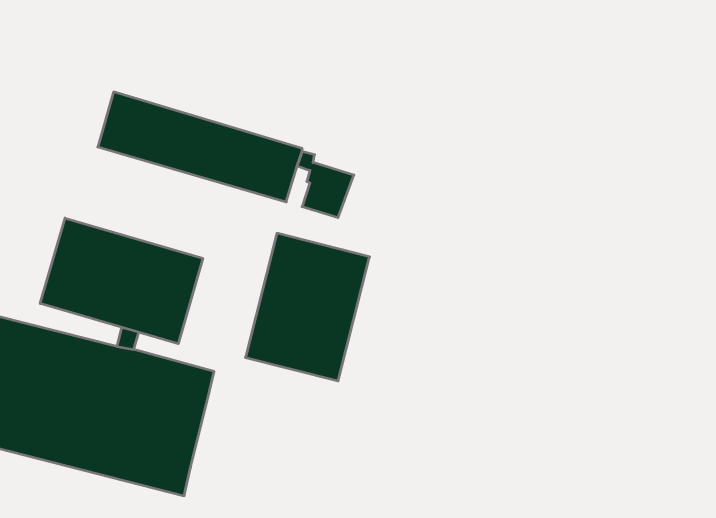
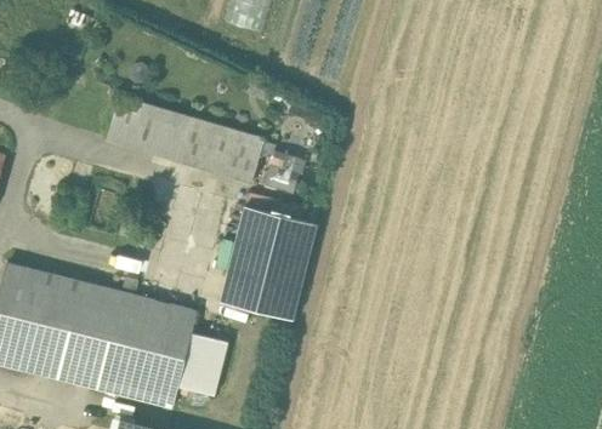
building: [40,218,203,344] -> none
building: none -> [178,332,228,395]

